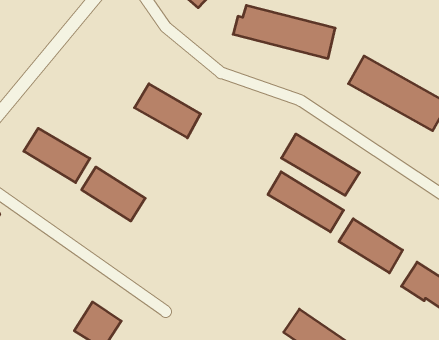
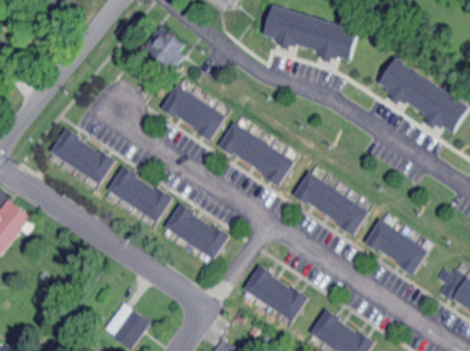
building: none -> [151,31,188,66]
building: [281,134,360,195] -> [218,123,296,184]
building: none -> [165,206,230,260]
building: none -> [244,267,315,326]

